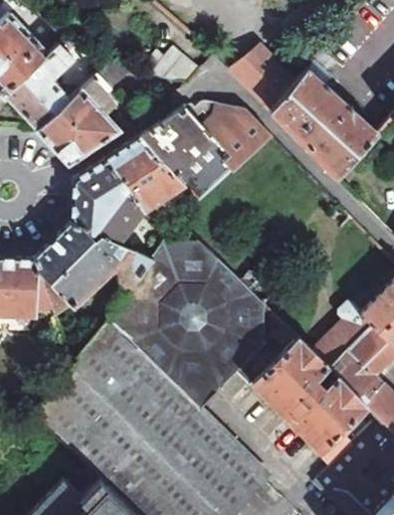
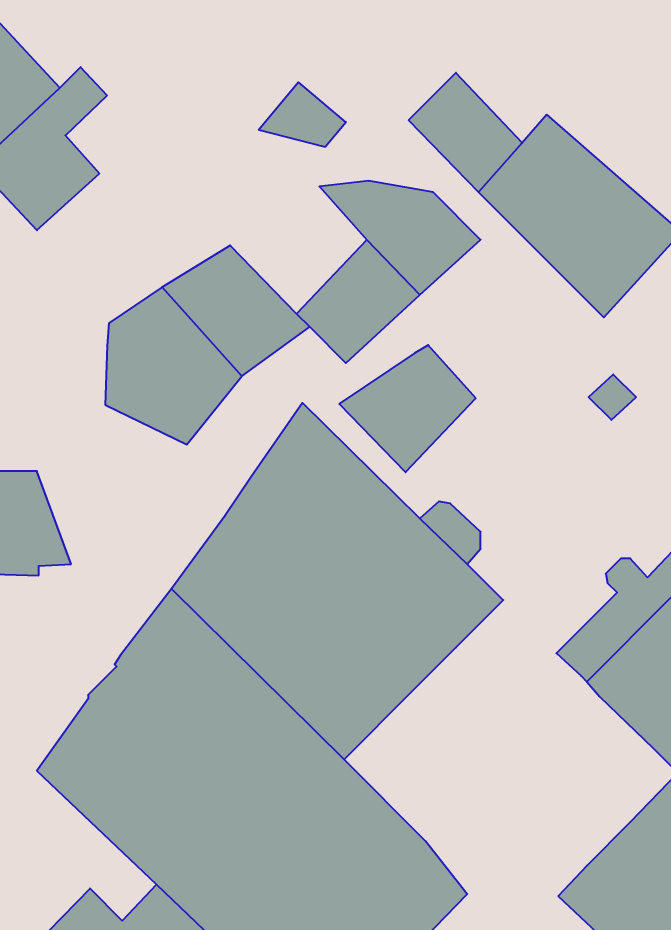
building: [38,66,136,167] -> none
building: [141,109,213,176] -> [339,345,476,472]
building: [38,224,152,319] -> none
building: [237,341,365,469] -> none

